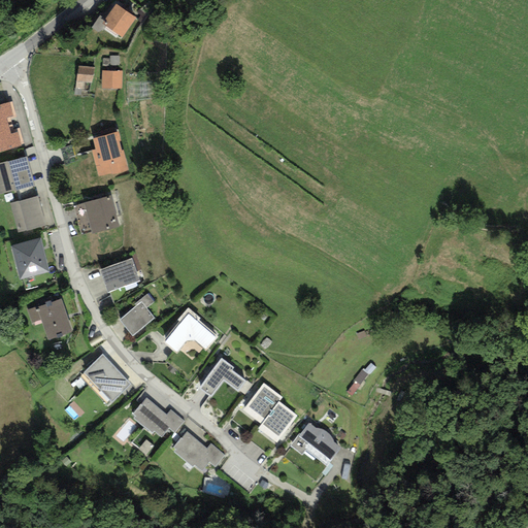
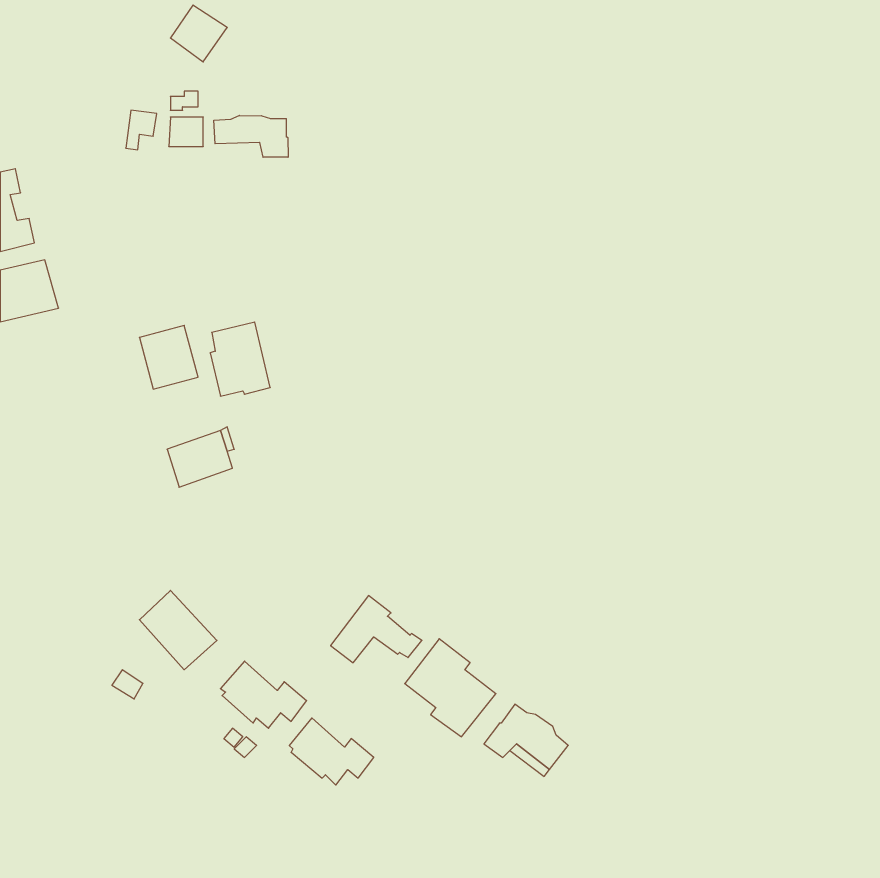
building: none -> [214,115,288,157]
building: [92,131,128,175] -> [210,322,270,396]
building: [11,196,44,230] -> none
building: [11,237,48,278] -> none
building: [119,294,155,335] -> none
building: [27,298,71,339] -> none
building: [164,307,218,354] -> none

